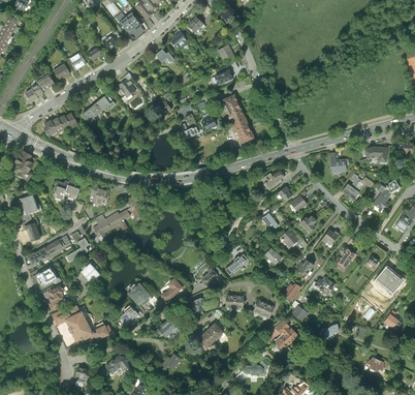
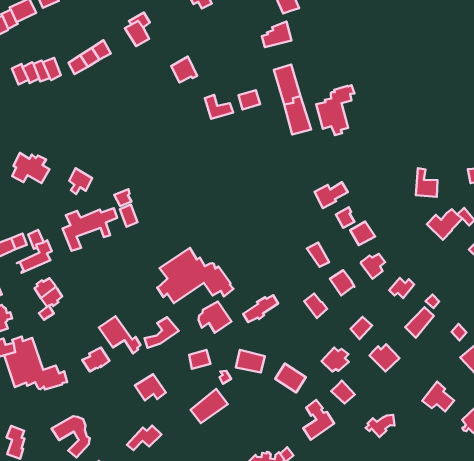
building: none -> [316,85,354,135]
building: none -> [157,248,233,303]

